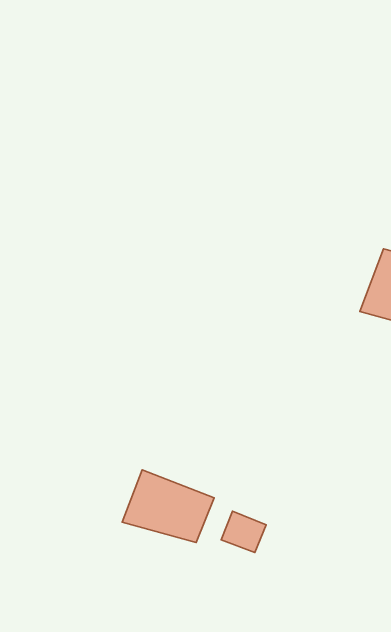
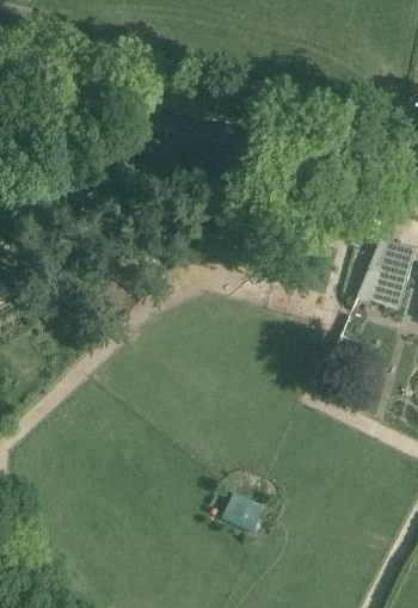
building: [122,470,214,542] -> none

